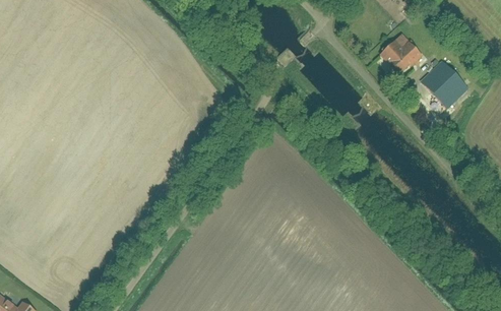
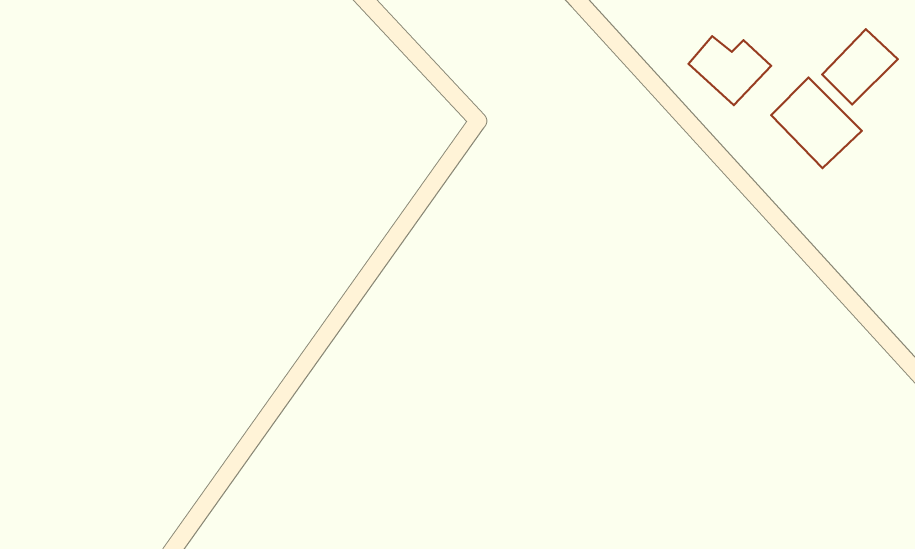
building: none -> [822,29,898,105]

